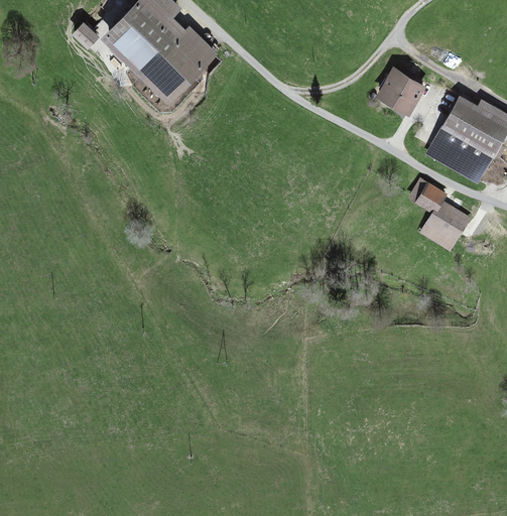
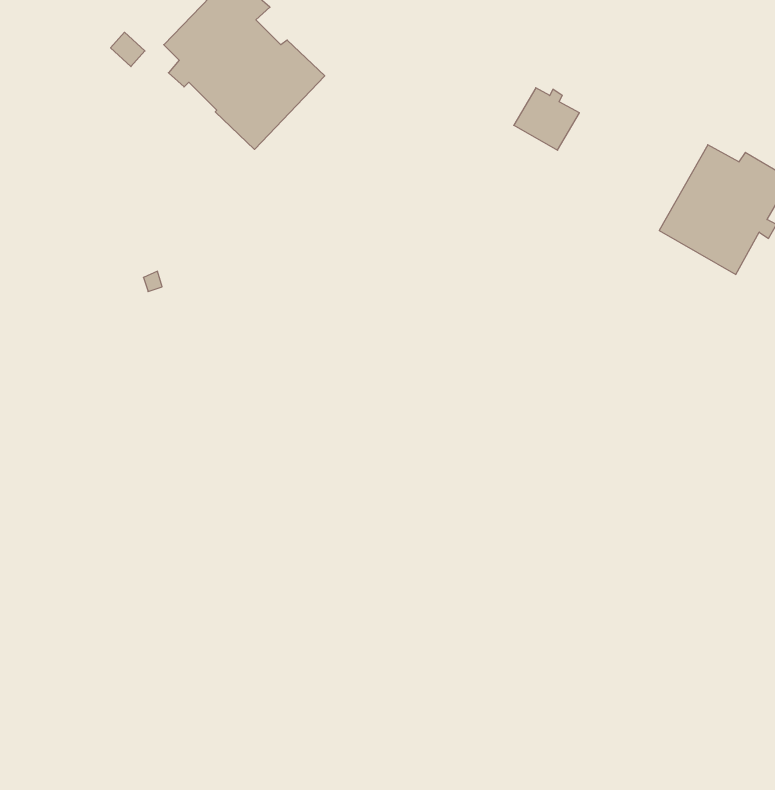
building: [380,71,422,111] -> [514,88,579,150]
building: [411,180,469,249] -> none

